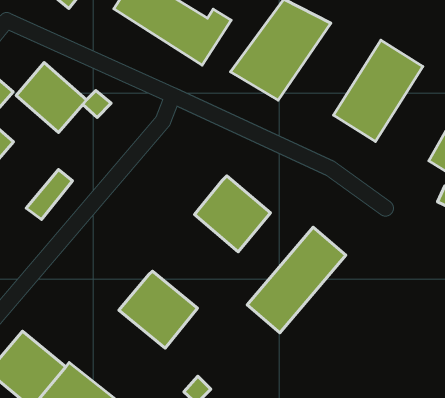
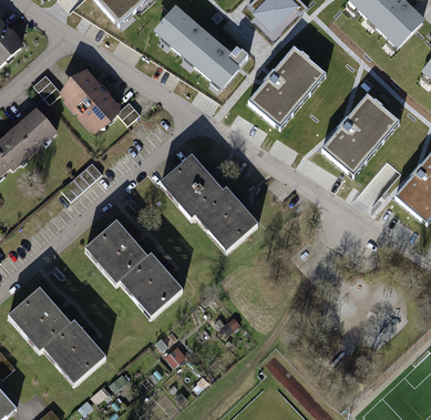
building: none -> [160,154,222,217]
building: [247,227,346,333] -> none
building: none -> [84,218,151,285]

